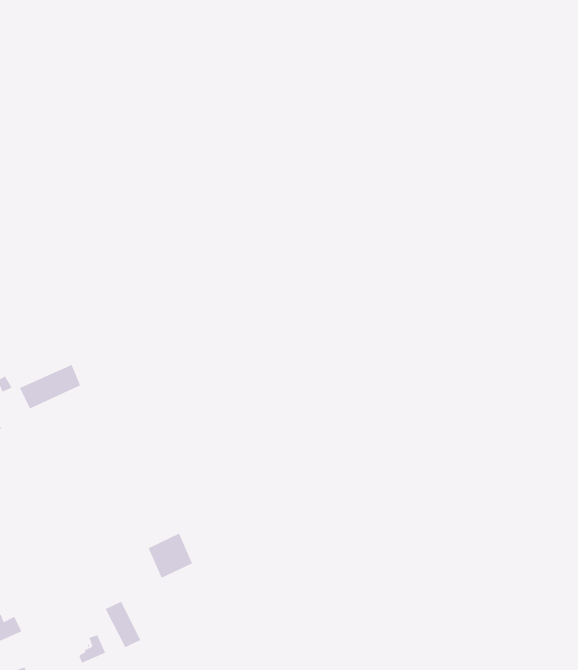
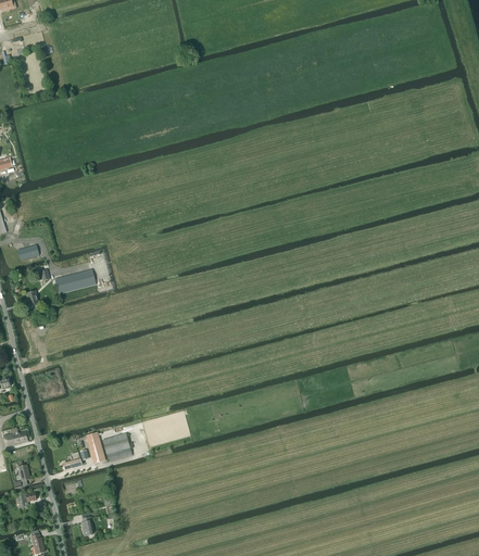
building: [148,533,193,579] -> [103,433,131,462]

